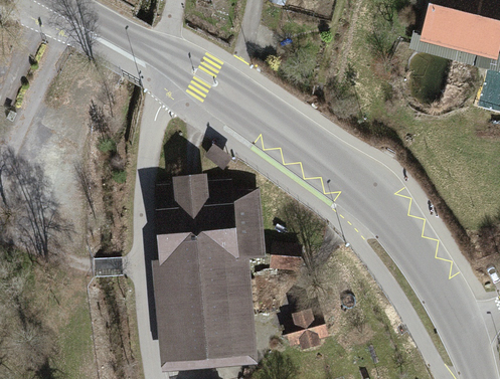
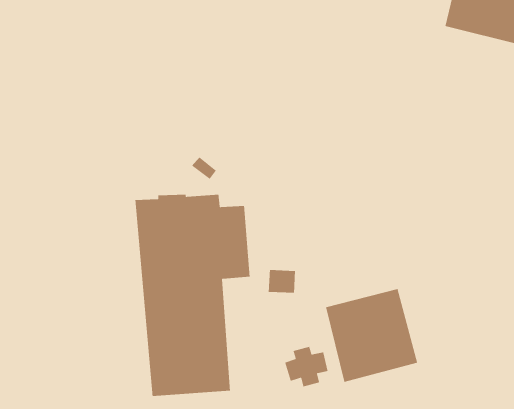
building: none -> [325,288,418,383]

